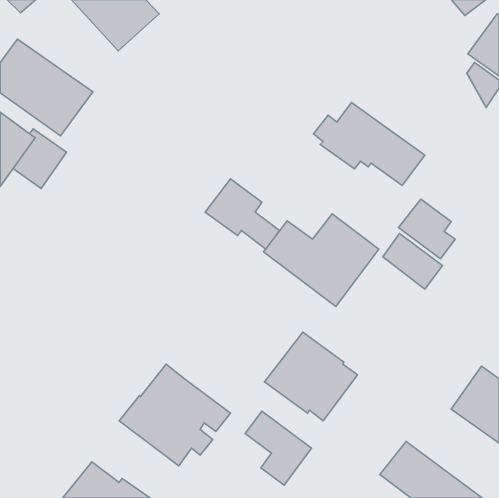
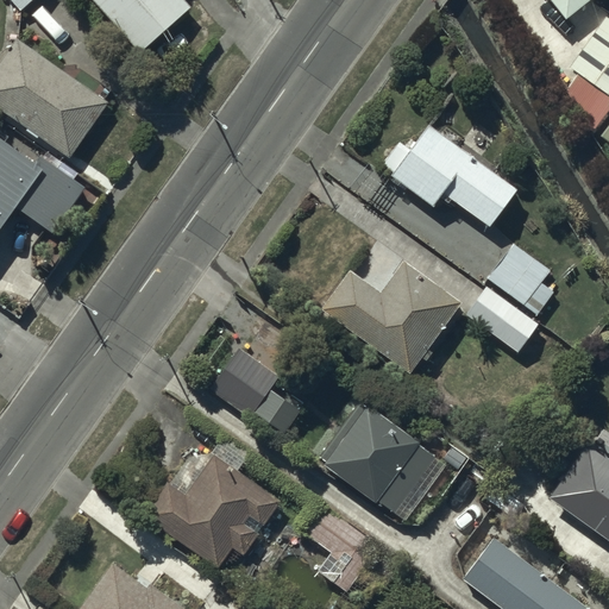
building: [205,179,279,249] -> [209,347,300,433]

